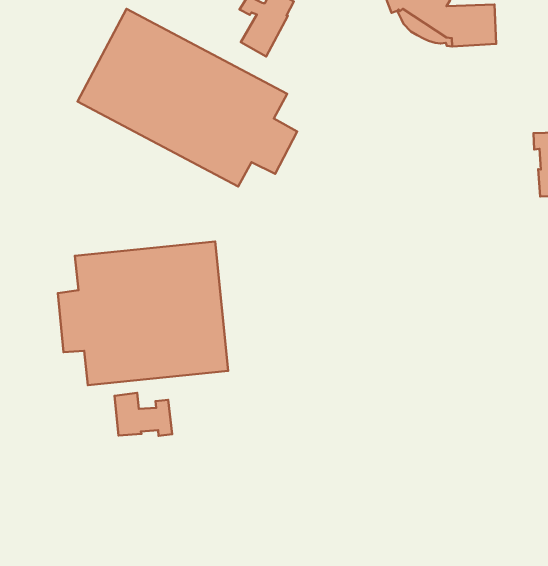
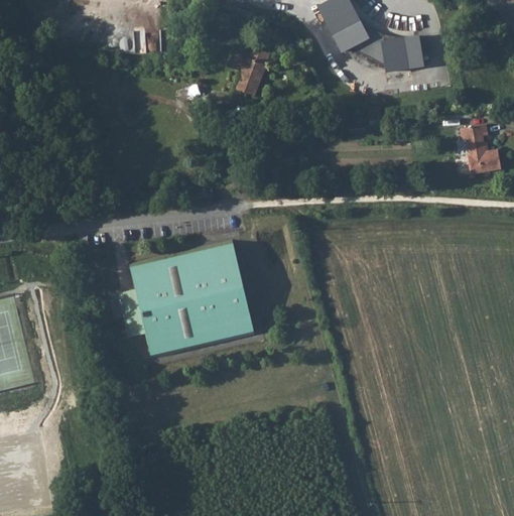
building: [78,9,297,187] -> none
building: [114,393,172,436] -> none

